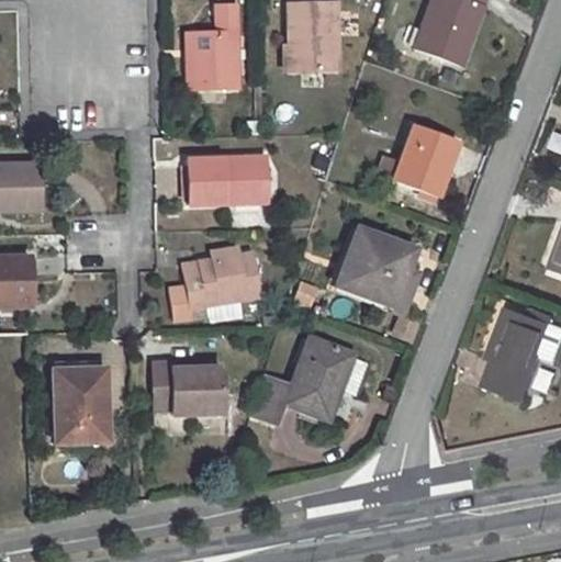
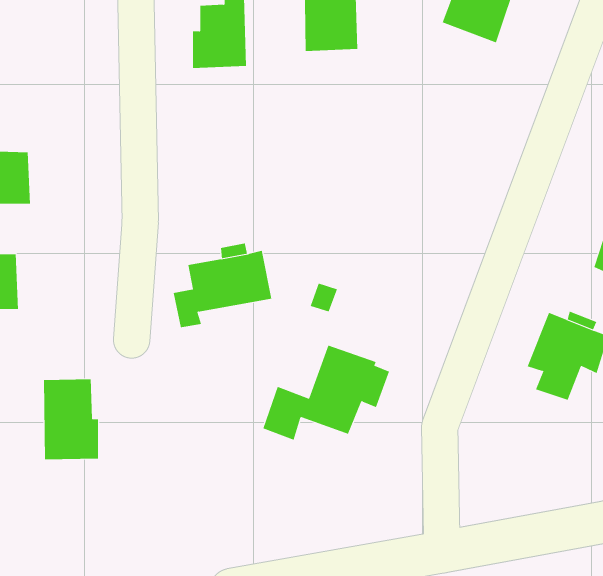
building: [394,124,455,196] -> none
building: [188,157,268,203] -> none
building: [335,226,414,303] -> none
building: [153,361,222,414] -> none

